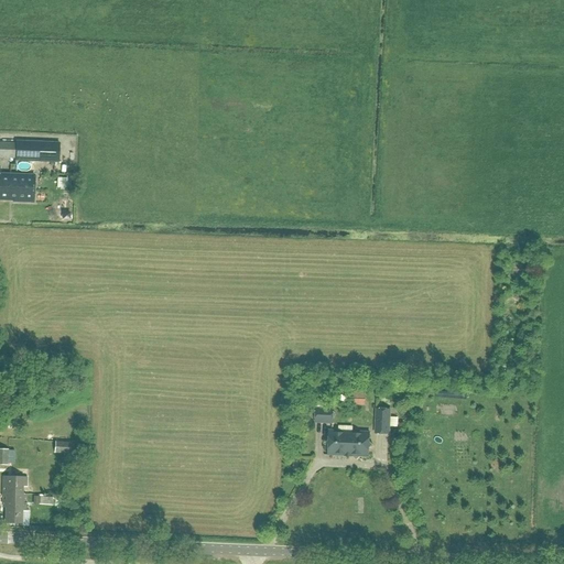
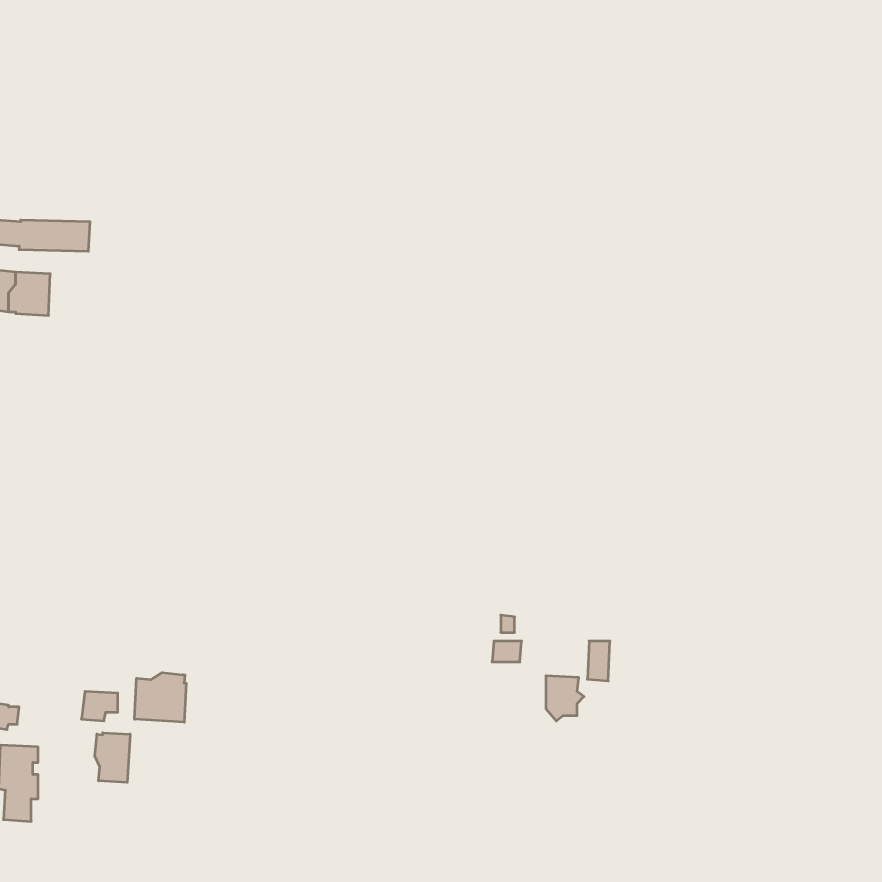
building: none -> [135,673,186,722]
building: [326,429,347,454] -> none
building: none -> [95,733,130,782]

